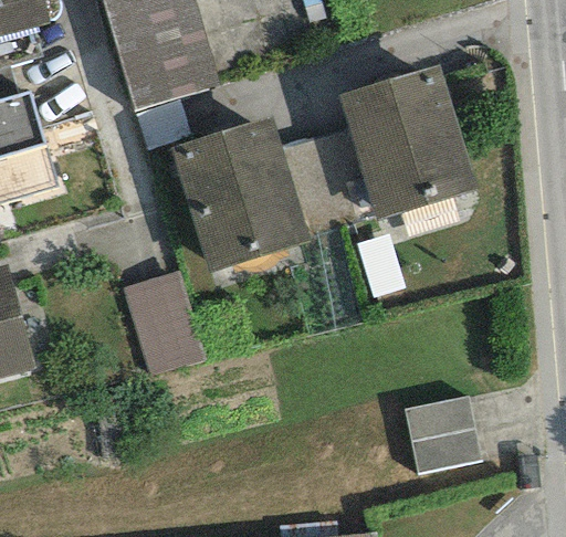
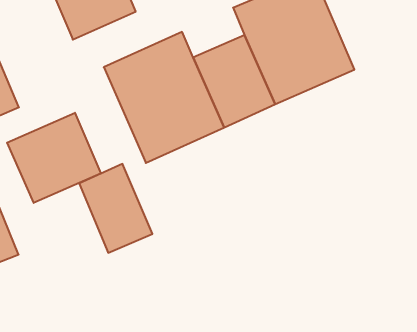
building: none -> [7,113,101,203]
building: [407,392,476,466] -> none

